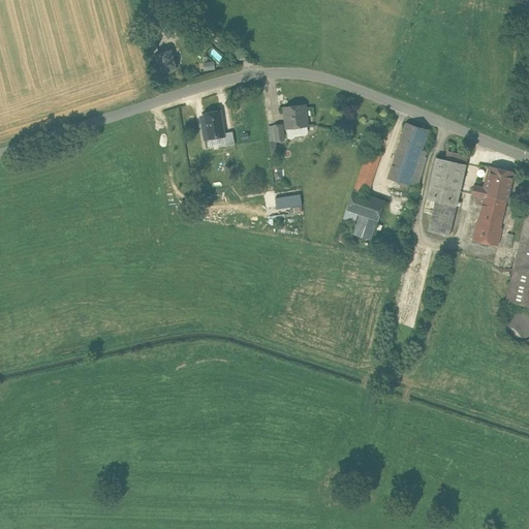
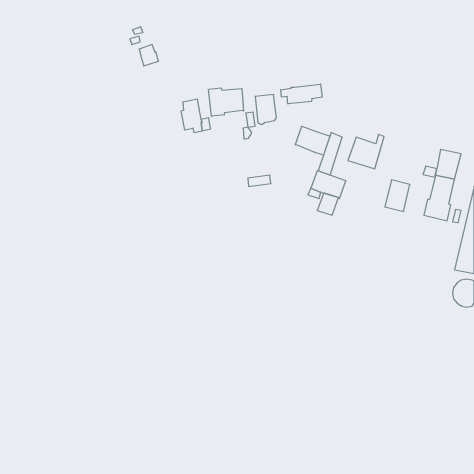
building: none -> [281,84,322,104]
building: none -> [209,88,244,116]
building: [397,123,429,160] -> none
building: none -> [295,126,330,155]
building: [427,158,466,206] -> none

